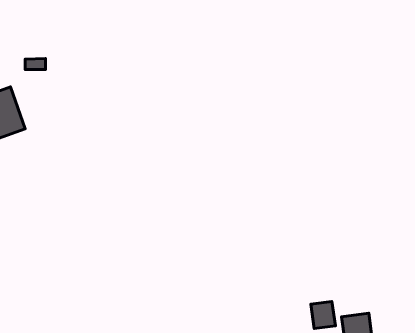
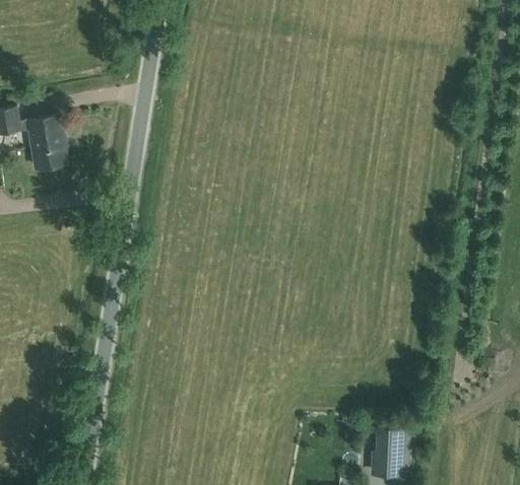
building: [311,301,335,329] -> none

